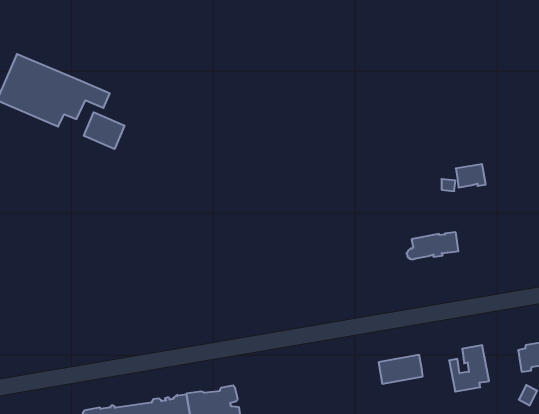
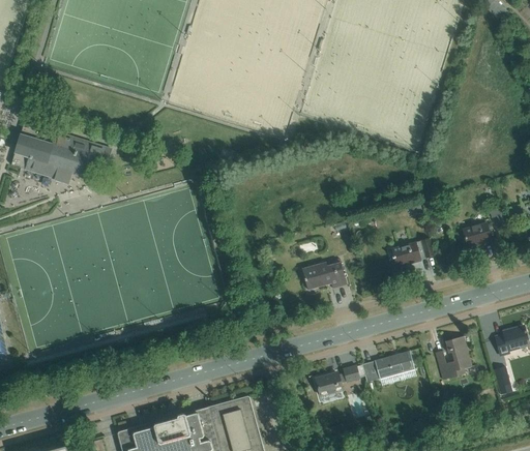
building: [84,112,124,149] -> none
building: [456,164,486,187] -> [462,223,490,246]
building: none -> [300,263,346,290]
building: none -> [315,365,364,396]

